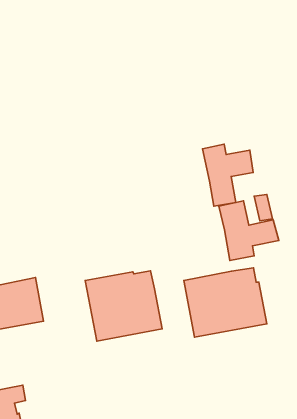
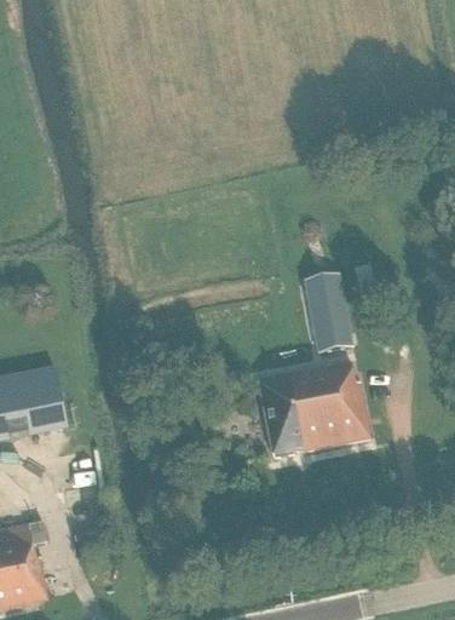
building: [202,144,253,206] -> none
building: [85,271,162,341] -> none

